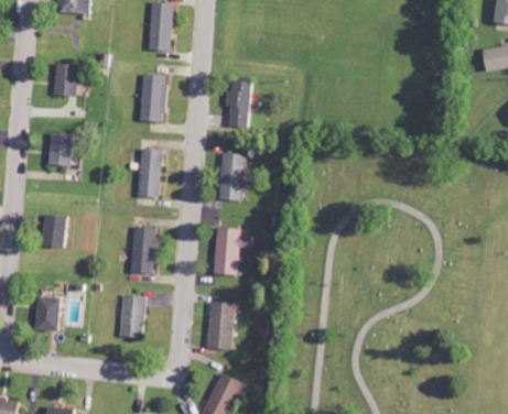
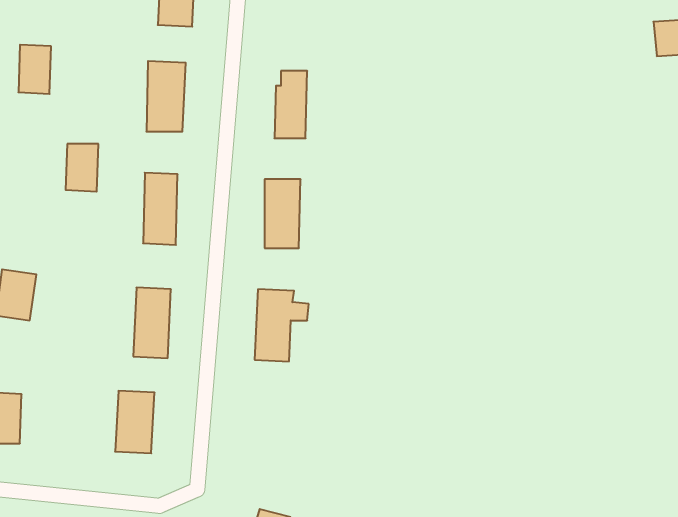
building: [48,133,71,165] -> [66,144,98,192]
building: [205,301,236,350] -> none

